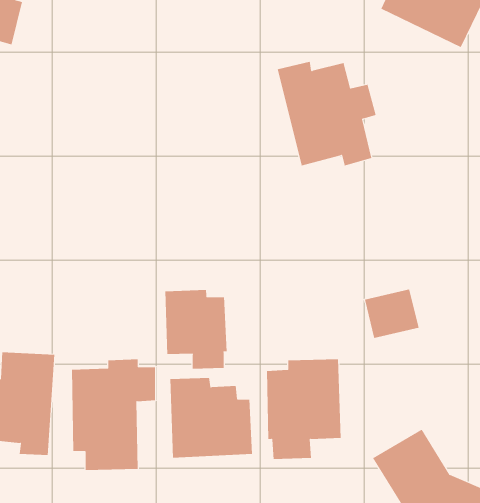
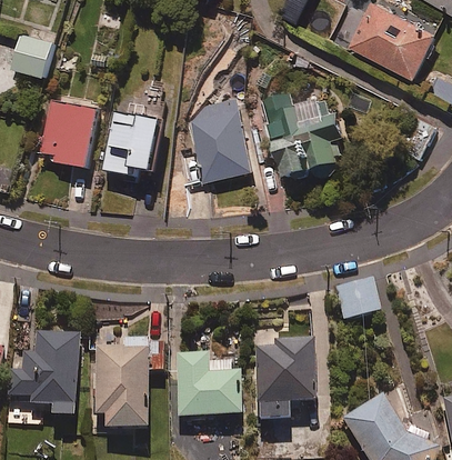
building: none -> [40,99,100,170]
building: none -> [104,100,162,173]
building: none -> [189,101,252,182]
building: [165,289,227,369] -> none

